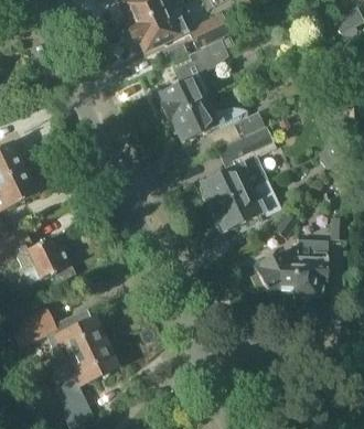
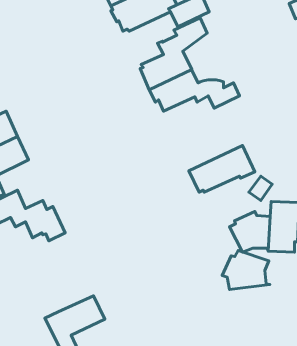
building: [201,126,277,205] -> none
building: none -> [222,251,270,289]
building: [9,305,106,358] -> none

